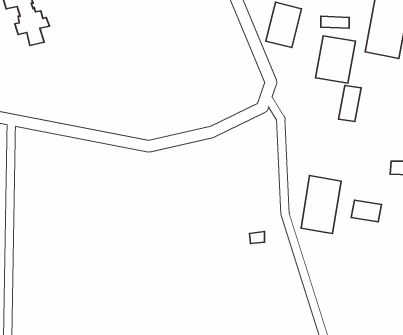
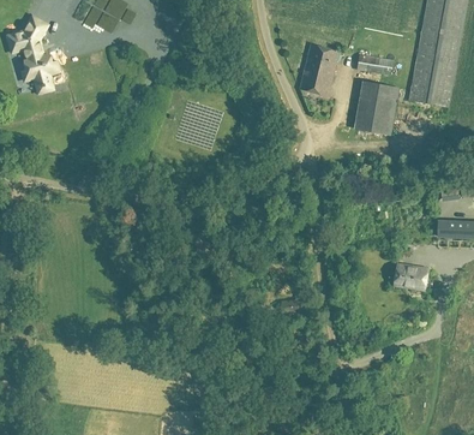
building: [339,85,361,122] -> none
building: [301,175,341,234] -> none

